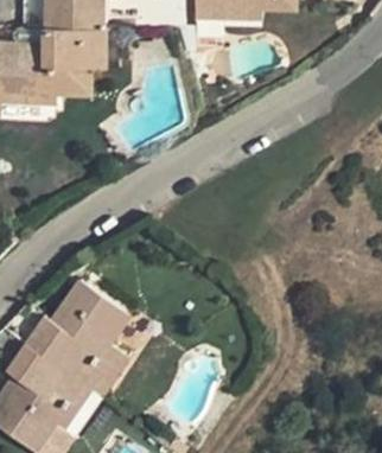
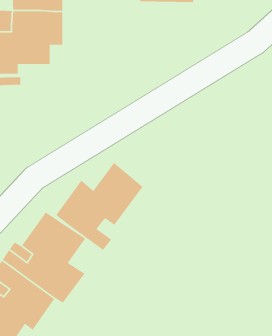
building: none -> [56,162,144,251]

